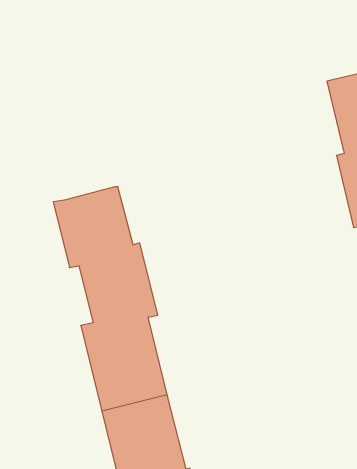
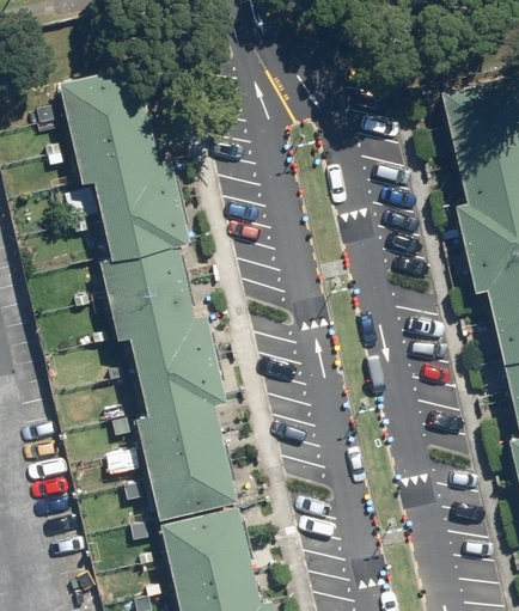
building: none -> [59,68,189,264]

